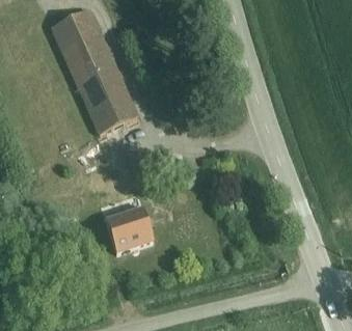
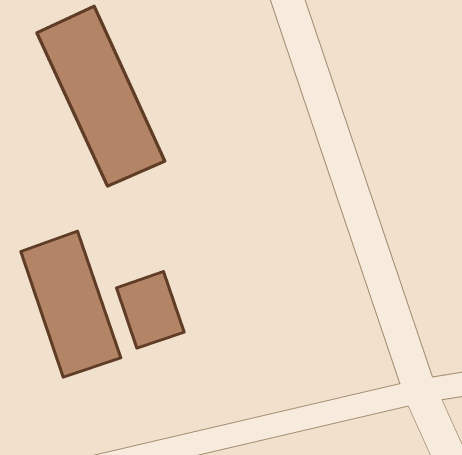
building: none -> [21,231,121,377]

